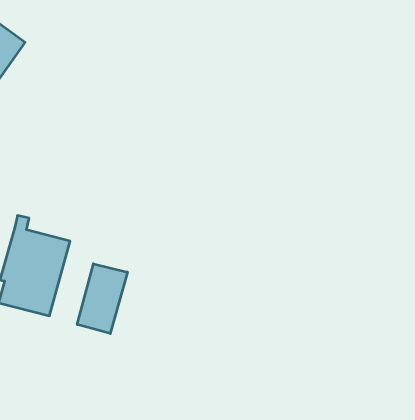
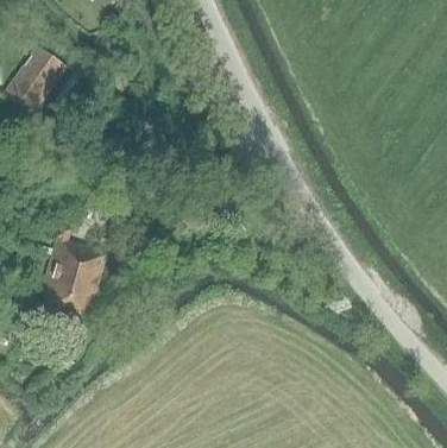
building: [77,264,127,334] -> none

